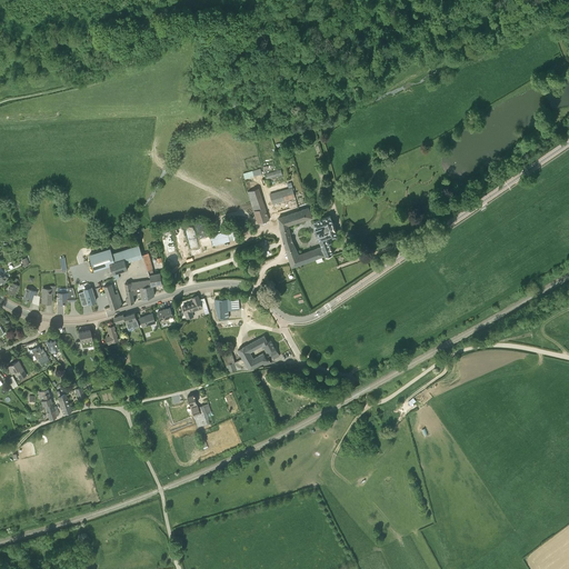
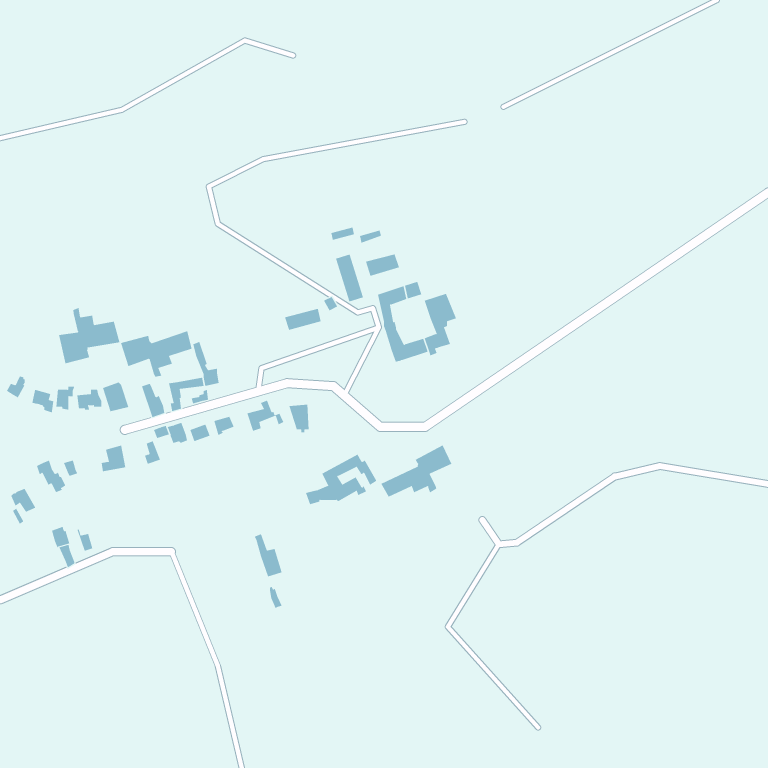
building: none -> [58,307,120,364]
building: none -> [381,444,452,498]

